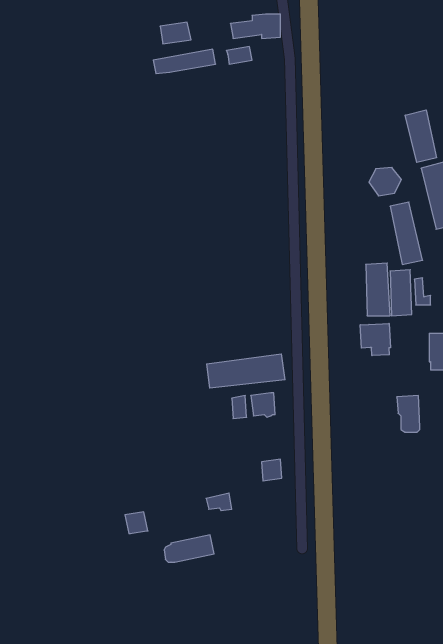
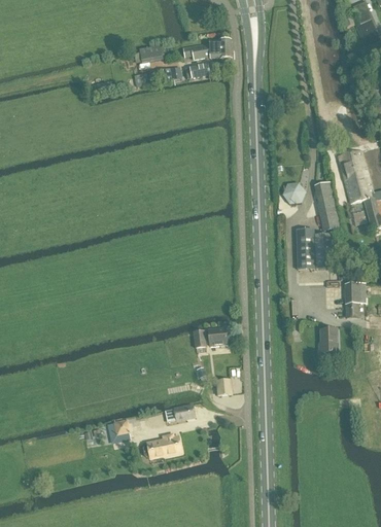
building: [405,110,436,162] -> none
building: [369,167,401,196] -> [281,181,306,203]
building: [360,323,390,356] -> none
building: [207,354,285,388] -> none

